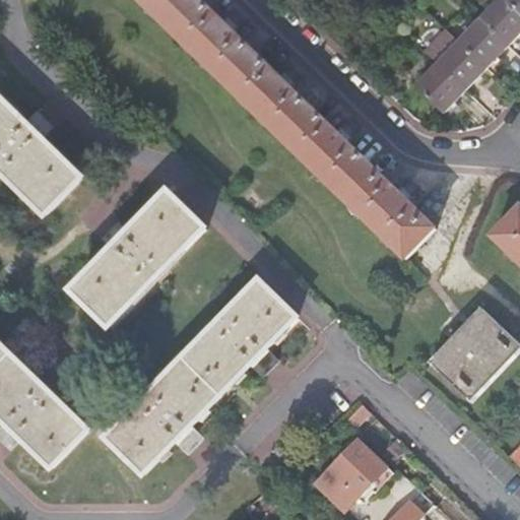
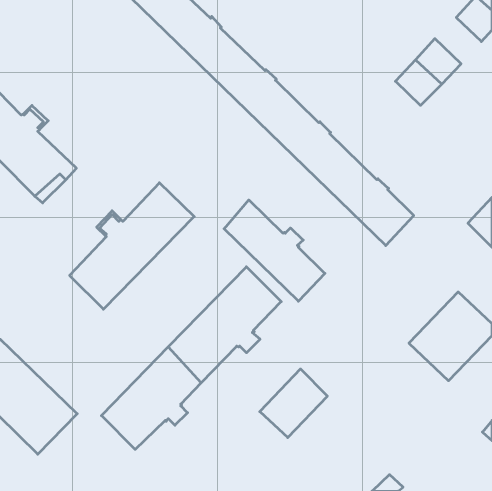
building: [457,18,506,67] -> none
building: none -> [224,200,325,301]
building: [314,437,385,509] -> [260,369,327,438]

